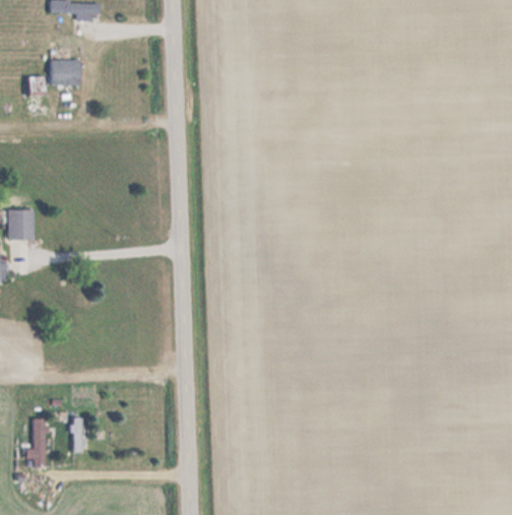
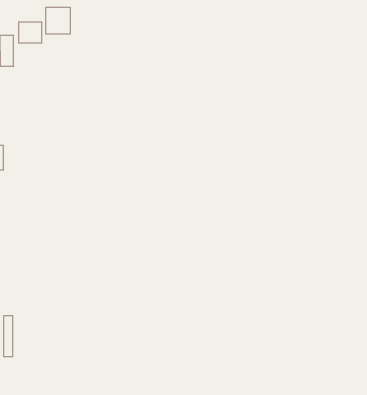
building: none -> [46,7,70,34]
building: [71,416,85,451] -> none

